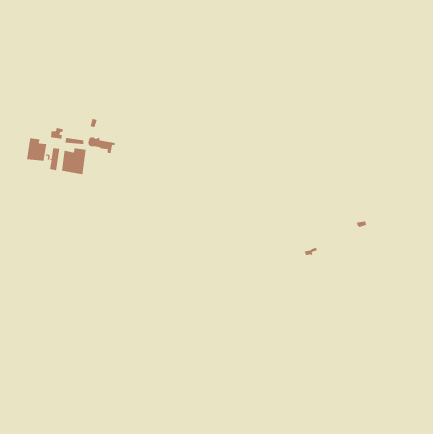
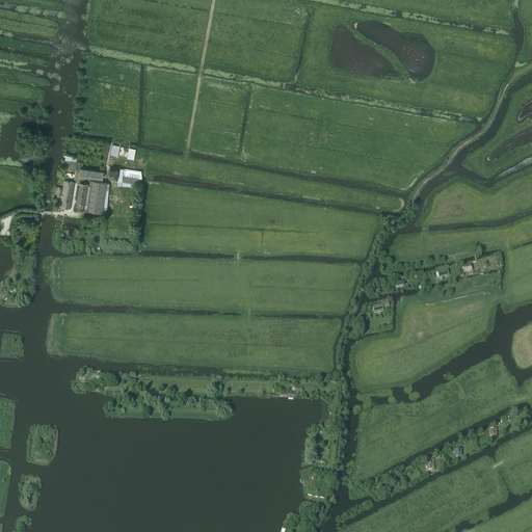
building: [27,137,47,161] -> none

